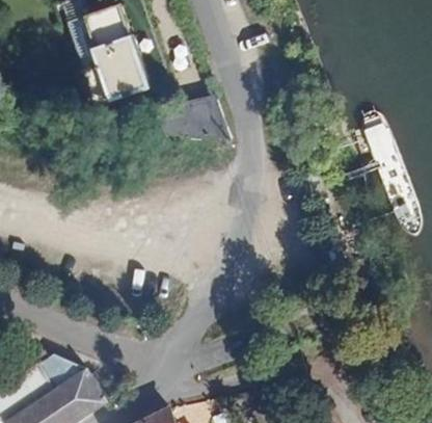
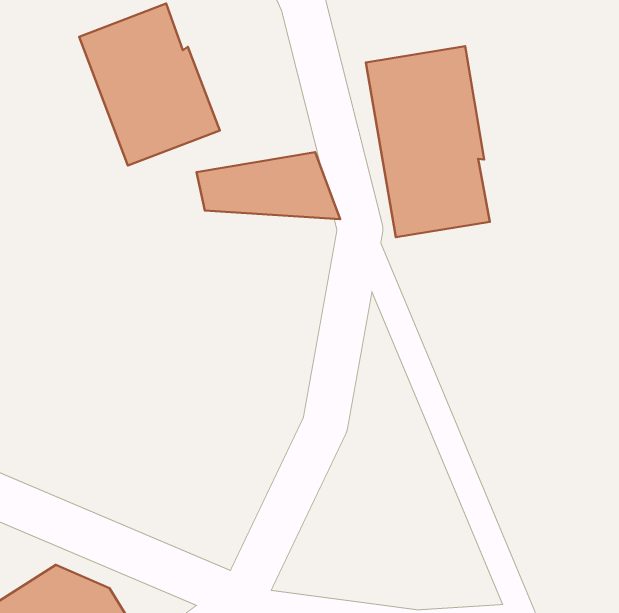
building: none -> [366,46,490,237]

